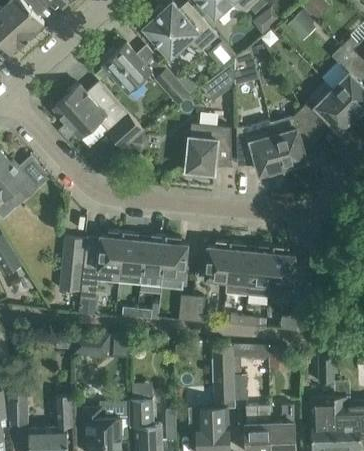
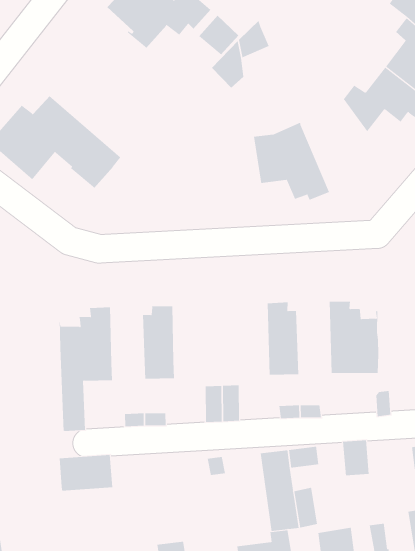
building: [100,44,151,94] -> none
building: [155,69,190,105] -> none
building: [270,110,315,173] -> none
building: [185,125,231,178] -> none
building: [119,233,144,274] -> none
building: [60,238,85,292] -> none
building: [162,238,188,278] -> none
building: [204,242,231,294] -> none
building: [247,247,274,298] -> none

